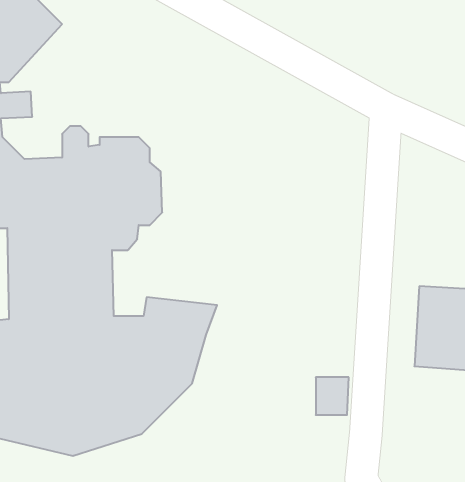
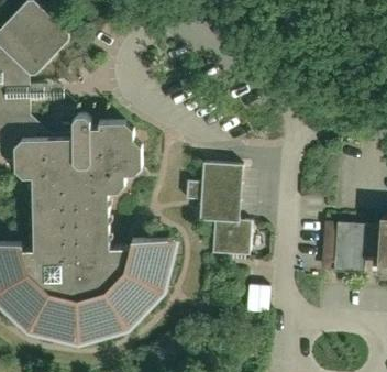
building: none -> [184,164,252,261]

